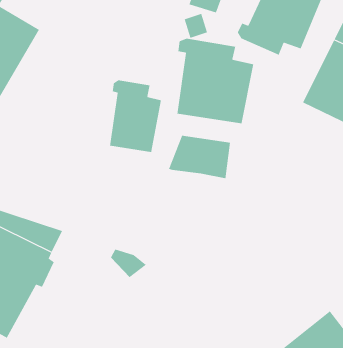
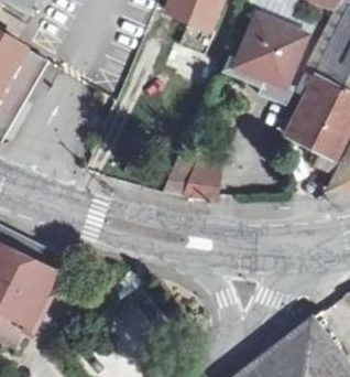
building: [177,38,254,124] -> none
building: [109,80,161,153] -> none

